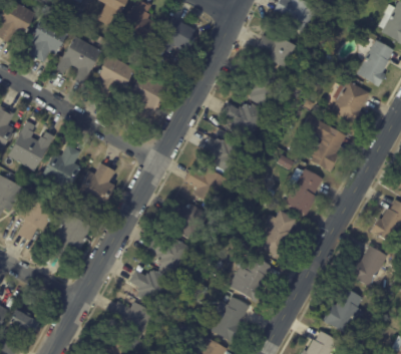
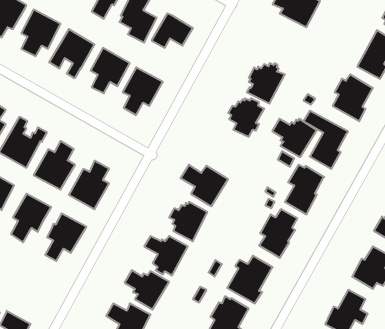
building: [256,35,294,67] -> none
building: [203,136,246,173] -> [272,119,317,157]

